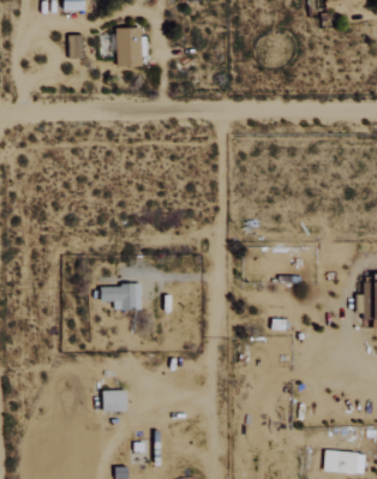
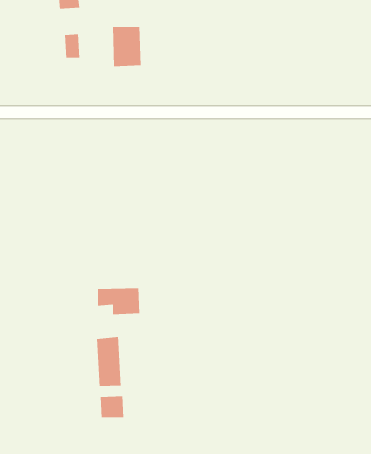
building: none -> [97,336,121,387]

